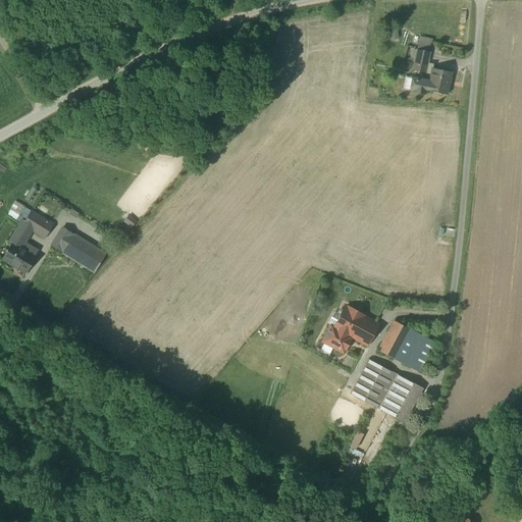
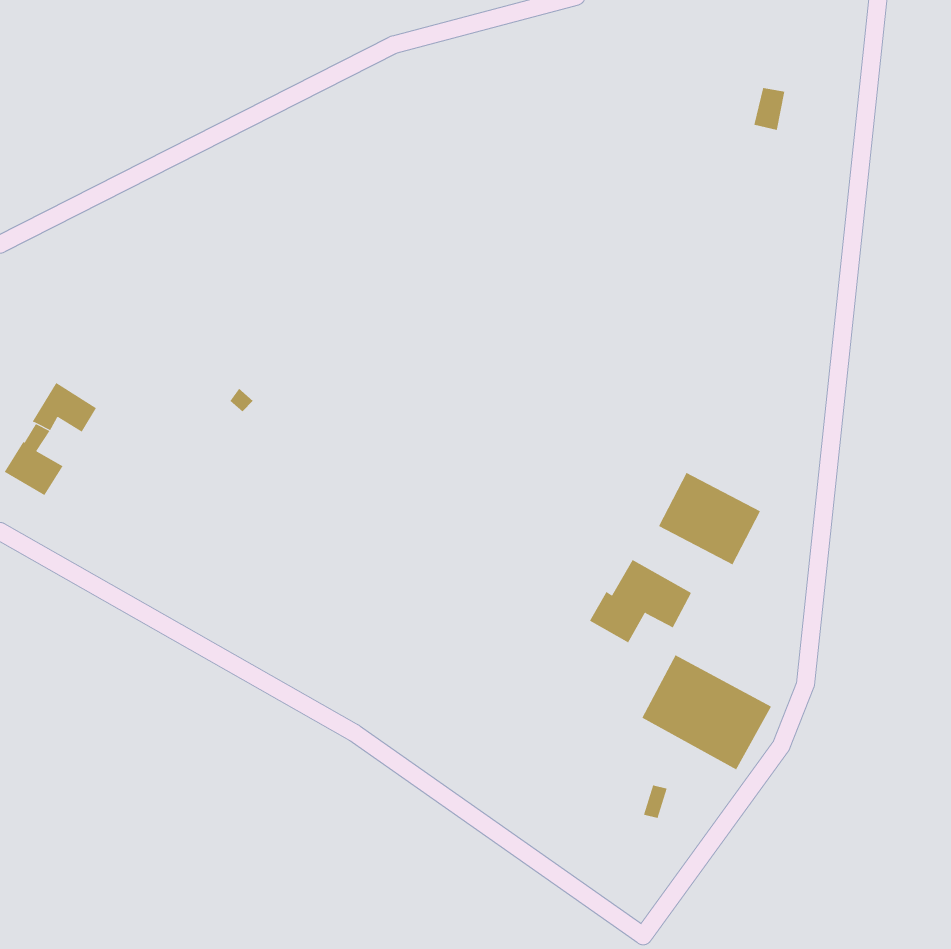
building: [414,67,452,93] -> none
building: [52,226,99,266] -> none
building: [379,319,435,370] -> [658,472,761,565]

